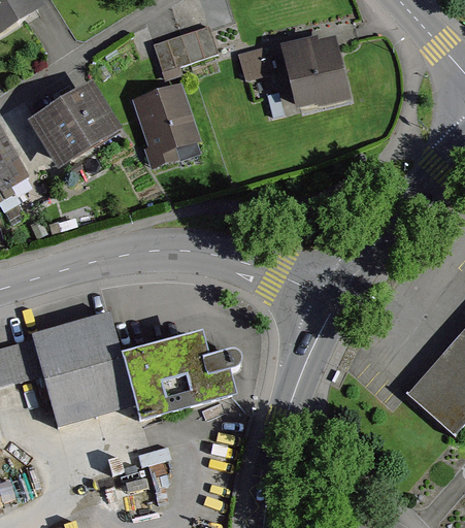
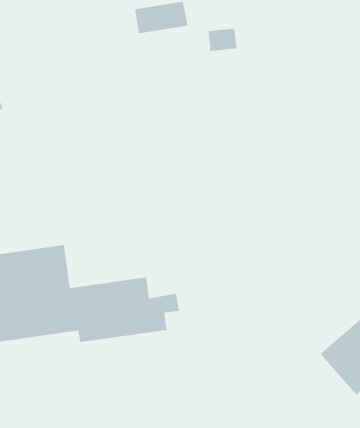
building: [284,35,348,110] -> none
building: [133,81,197,157] -> none
building: [31,84,118,164] -> none

